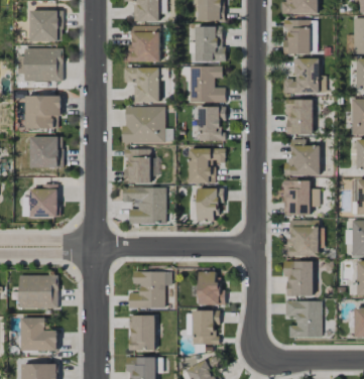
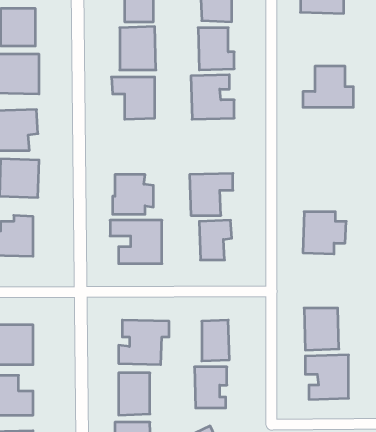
building: [283,20,317,53] -> none
building: [285,100,313,134] -> none
building: [123,106,165,144] -> none
building: [200,107,225,141] -> none
building: [285,139,320,175] -> none
building: [289,220,322,256] -> none

